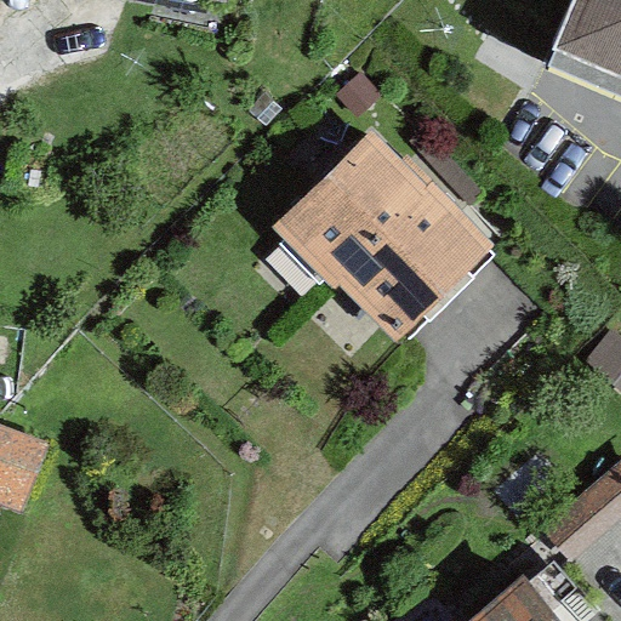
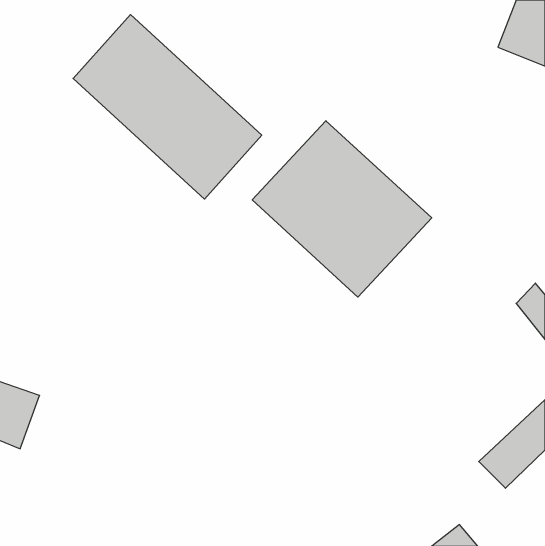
building: none -> [73,15,262,199]

